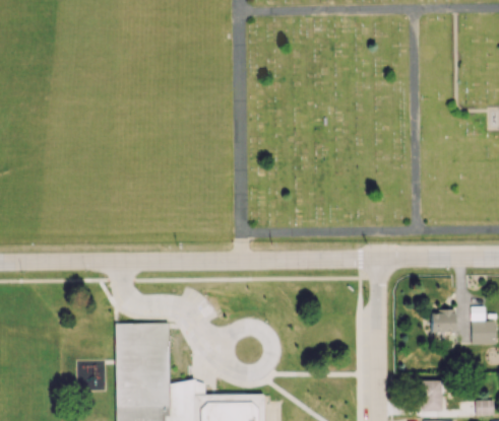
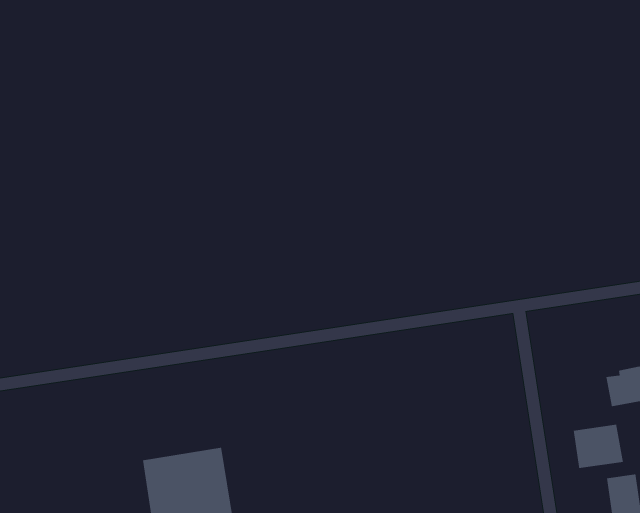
building: none -> [573,424,624,469]

